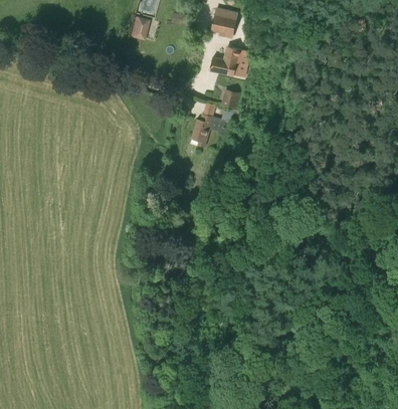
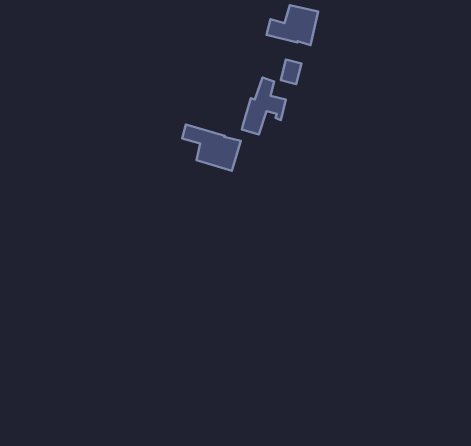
building: none -> [182,125,241,171]

